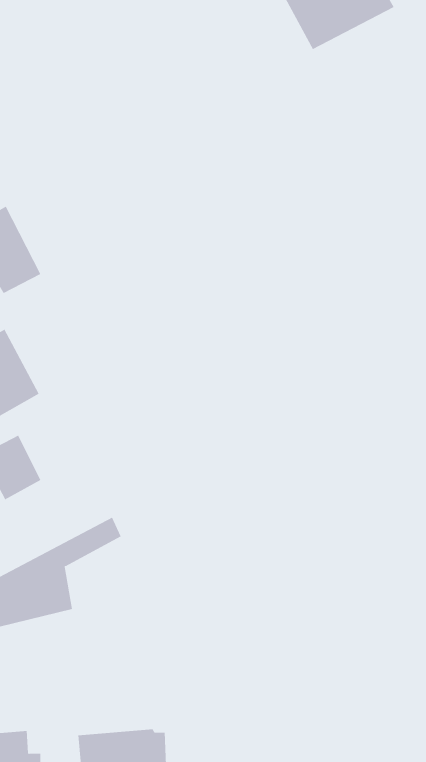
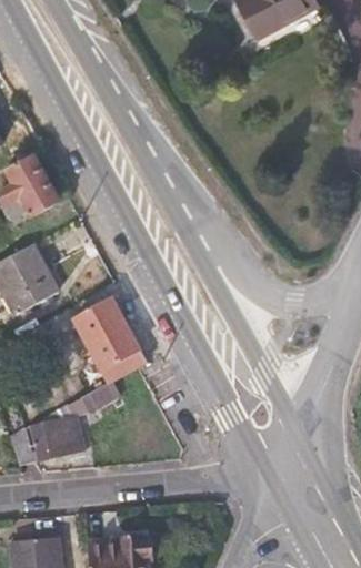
building: none -> [73,300,148,400]

